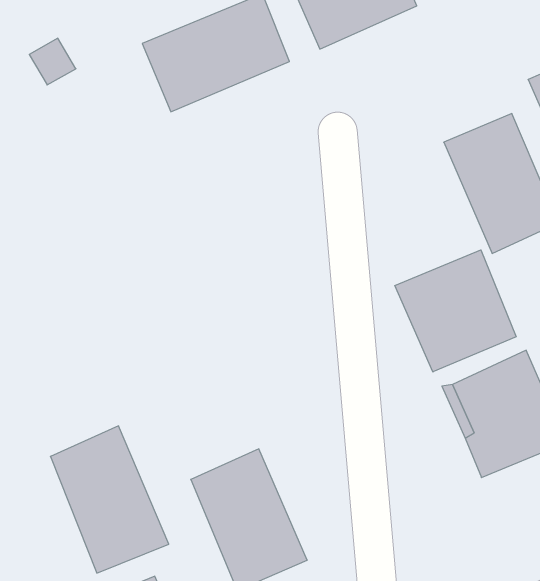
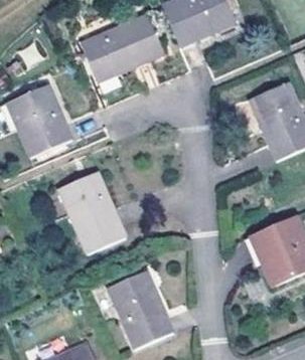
building: none -> [6,84,71,158]
building: [395,250,516,372] -> none
building: [50,426,169,573] -> [59,172,126,254]

